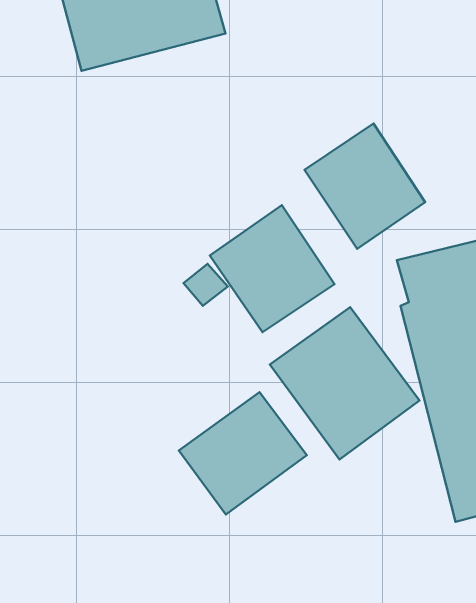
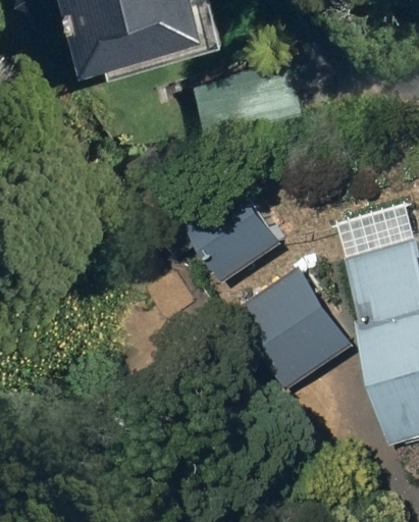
building: [304,123,425,249] -> none
building: [179,392,307,515] -> none

